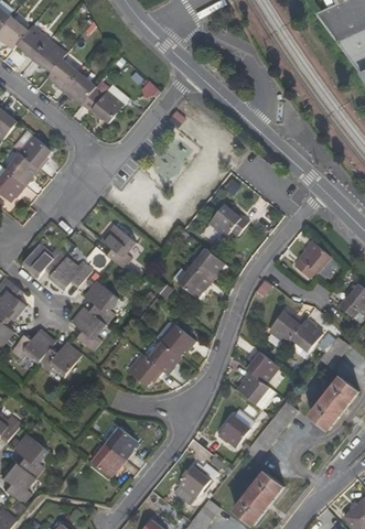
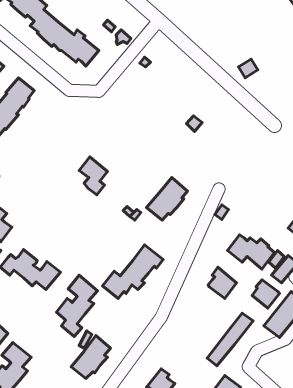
building: [210,205,248,236] -> none
building: [293,240,331,278] -> none
building: [23,244,92,290] -> none
building: [72,280,118,349] -> [57,275,98,337]
building: [237,371,268,403] -> [252,280,280,308]
building: [217,410,254,446] -> none

